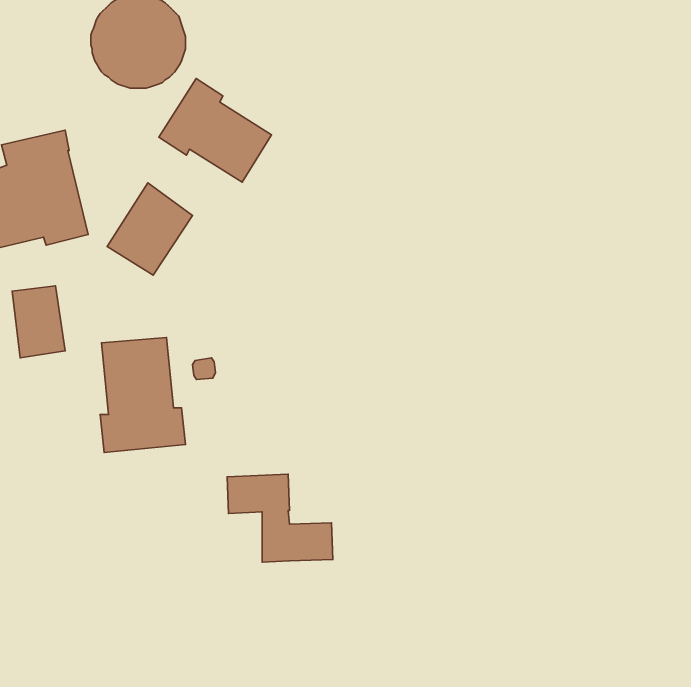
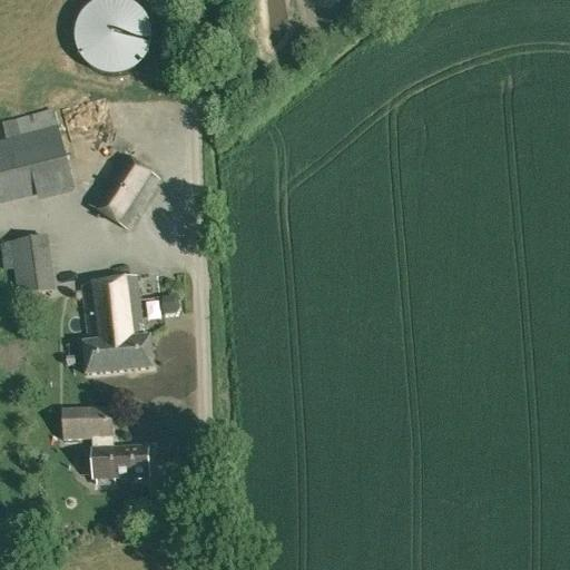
building: [159,79,271,182] -> none
building: [227,474,333,562] -> [61,405,148,478]

